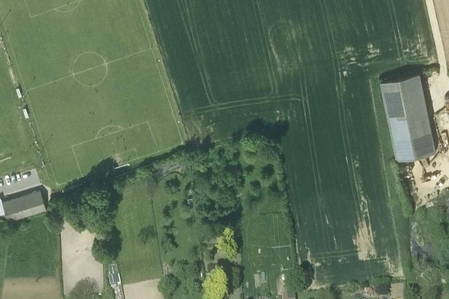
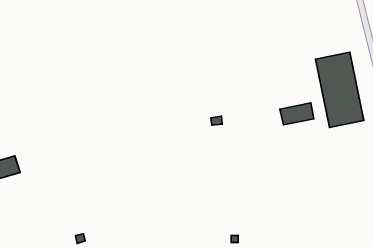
building: none -> [280,103,314,125]

